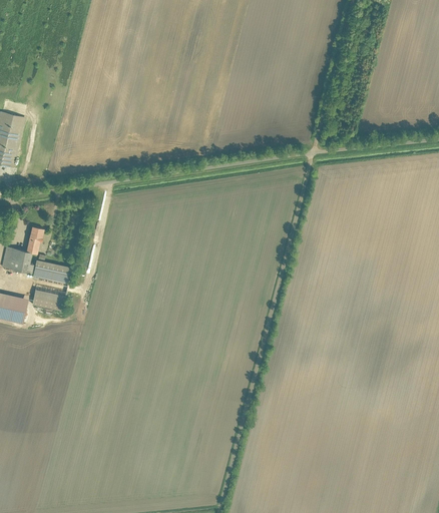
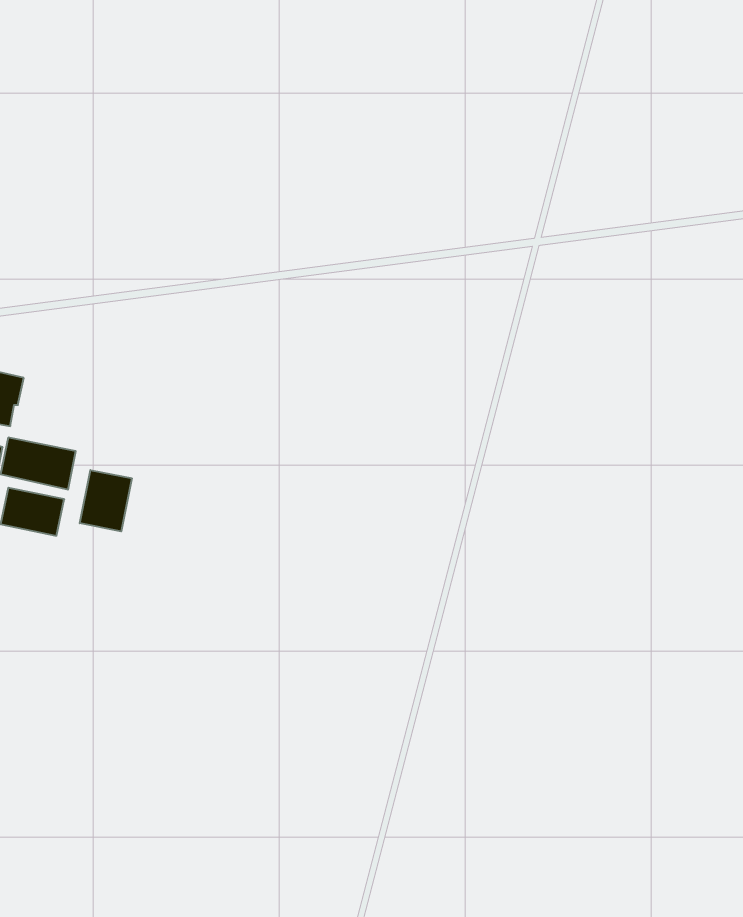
building: none -> [80,470,132,531]

